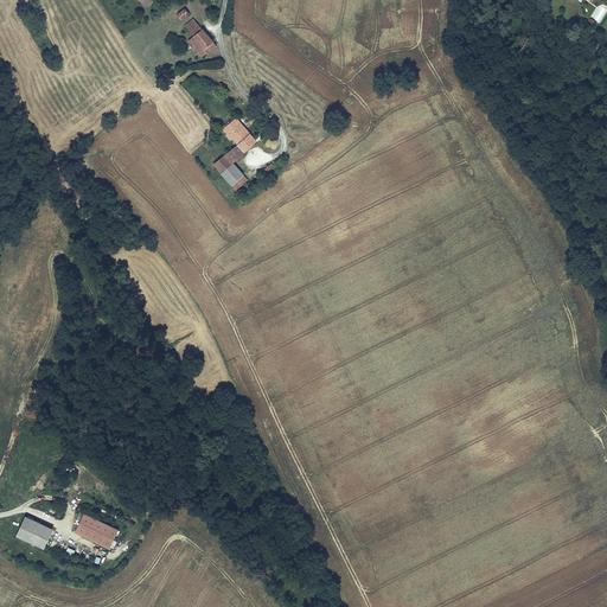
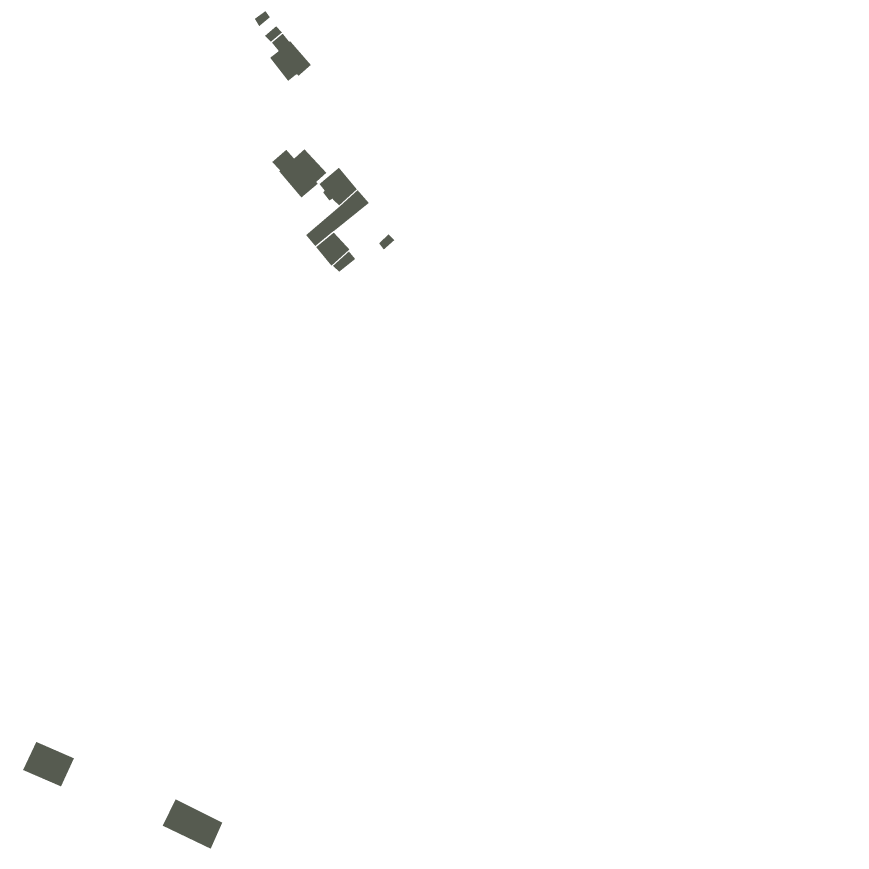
building: none -> [271,149,327,199]
building: [75,513,117,549] -> [162,798,223,850]

